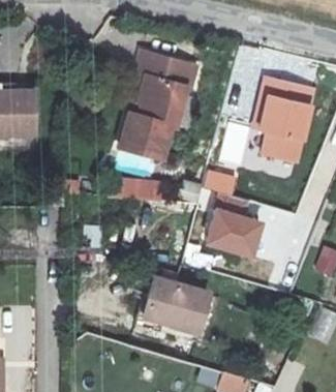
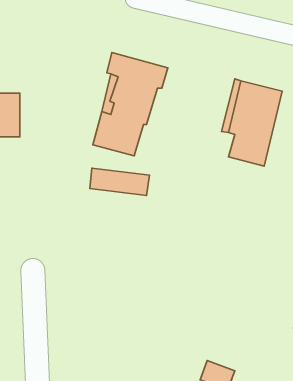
building: [203,165,259,253] -> none
building: [141,281,206,337] -> none

